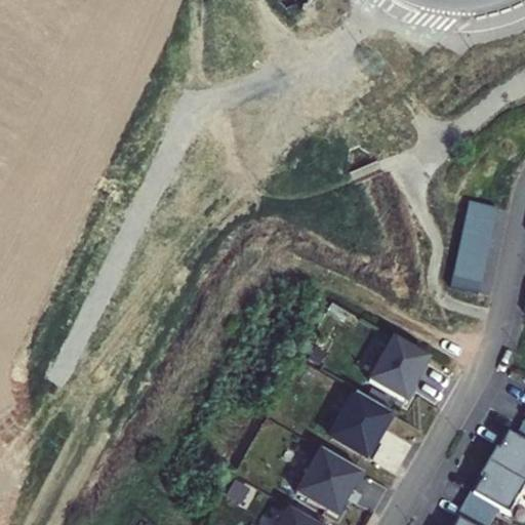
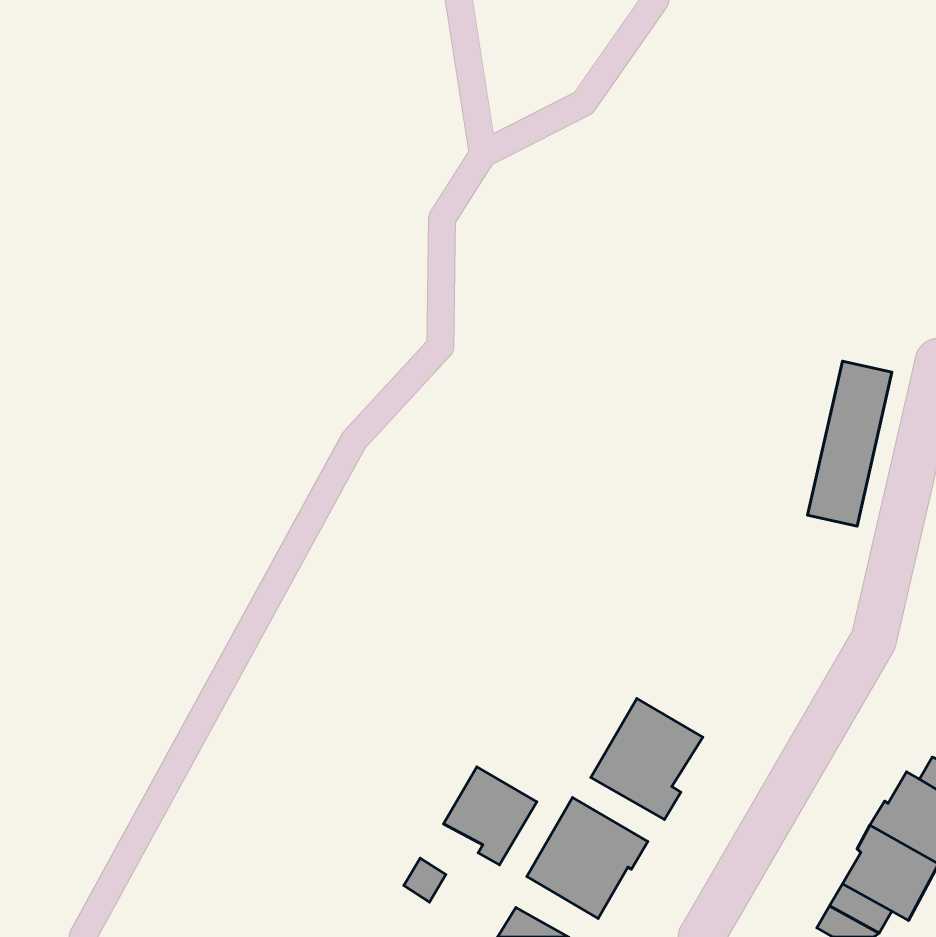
building: [369,336,429,401] -> none
building: none -> [444,767,537,865]

